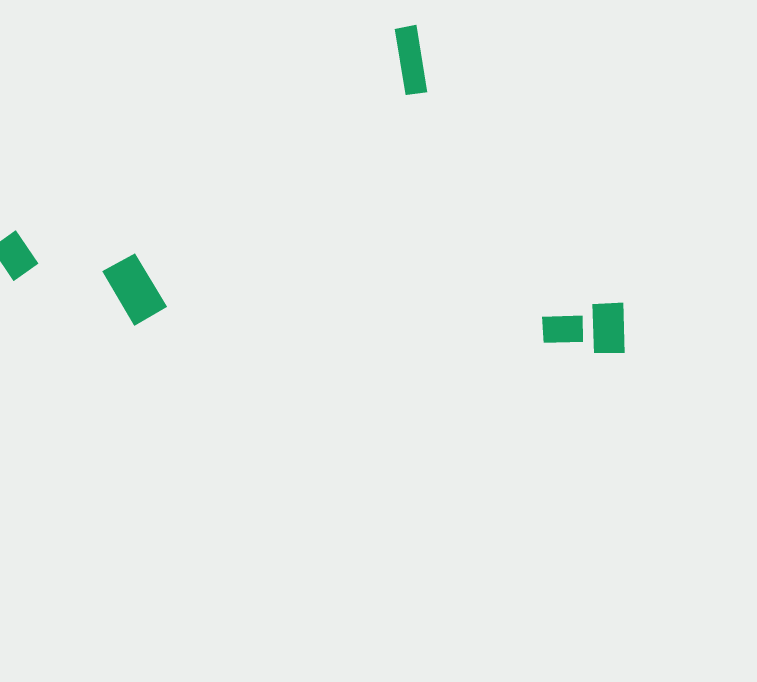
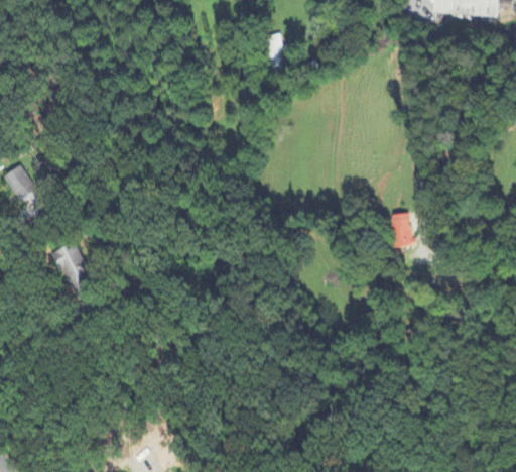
building: [101,252,168,327] -> [49,242,93,290]
building: [542,315,584,344] -> none

